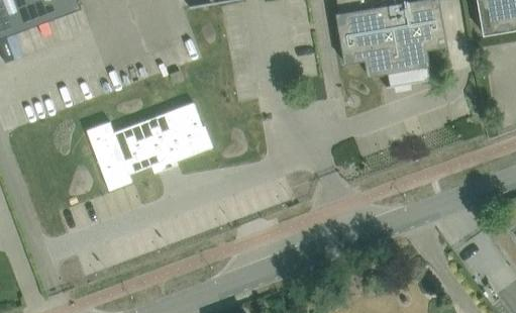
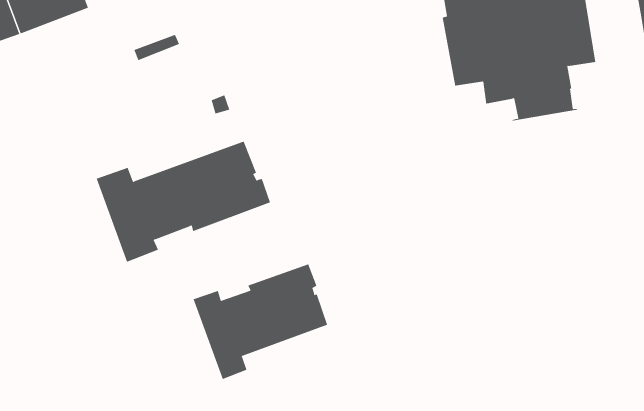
building: none -> [193,263,328,380]

